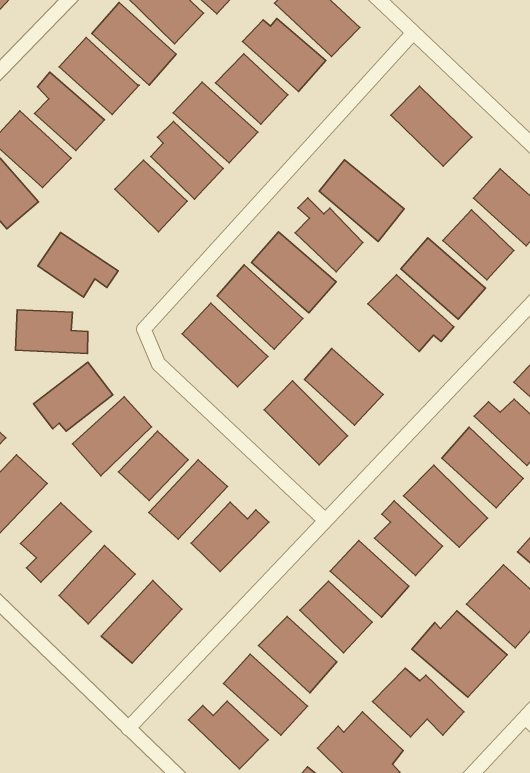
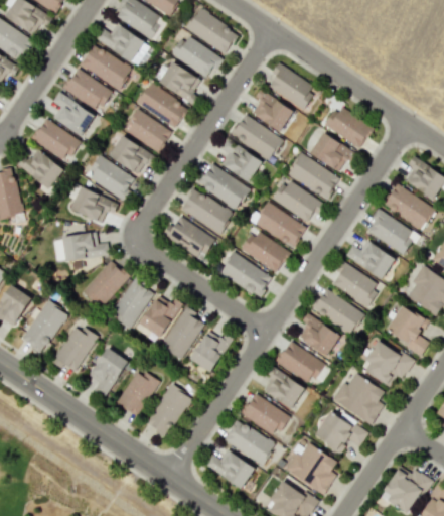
building: none -> [250,91,293,131]
building: none -> [90,155,135,200]
building: none -> [254,202,306,248]

